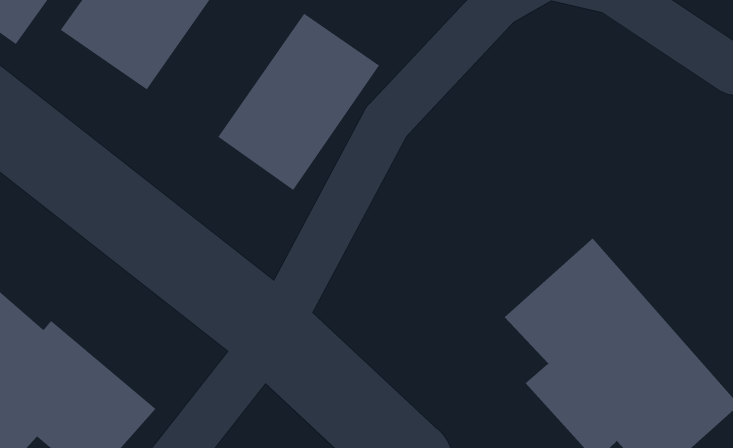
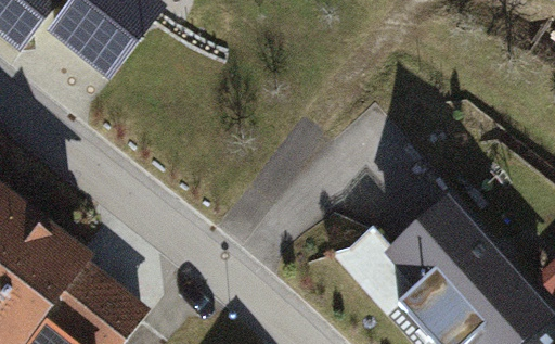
building: [217,13,380,191] -> none

